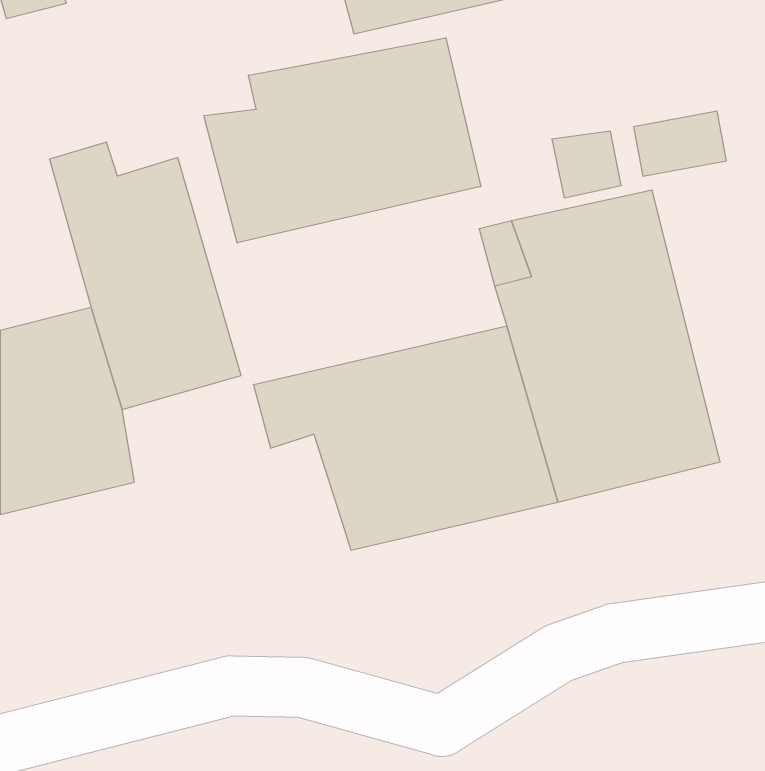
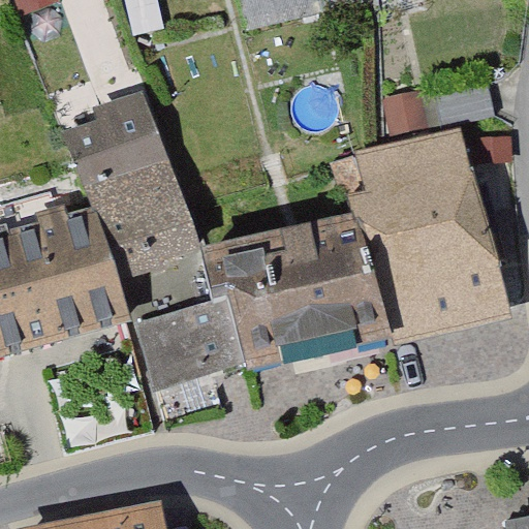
building: [204,38,481,243] -> none
building: none -> [135,290,247,383]

